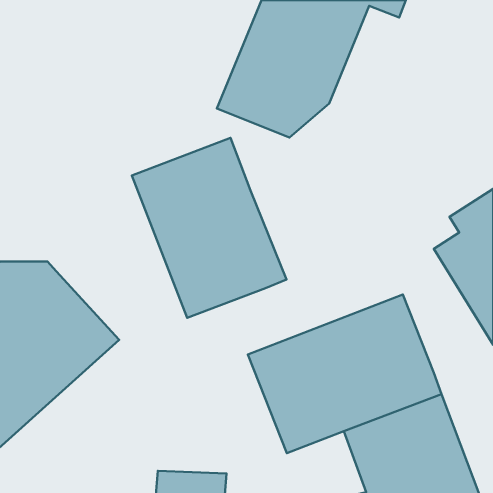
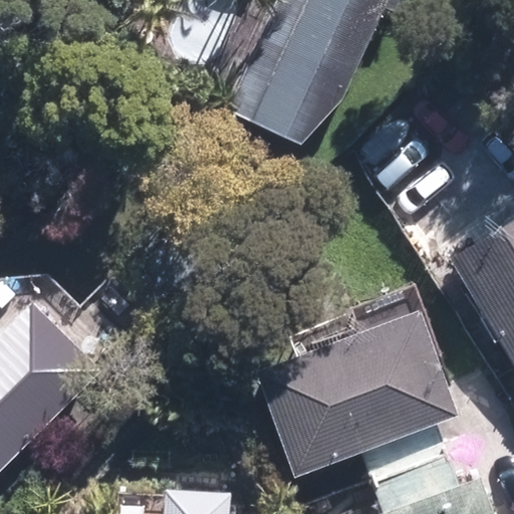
building: [132,138,286,318] -> none

